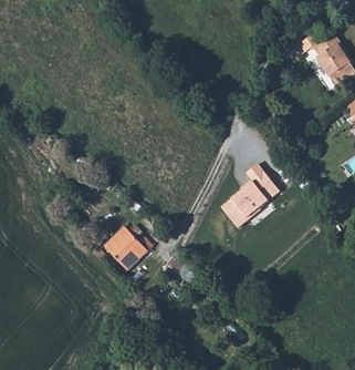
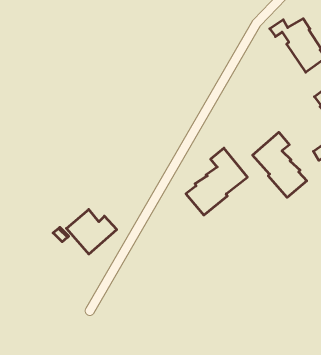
building: none -> [253,132,307,197]

